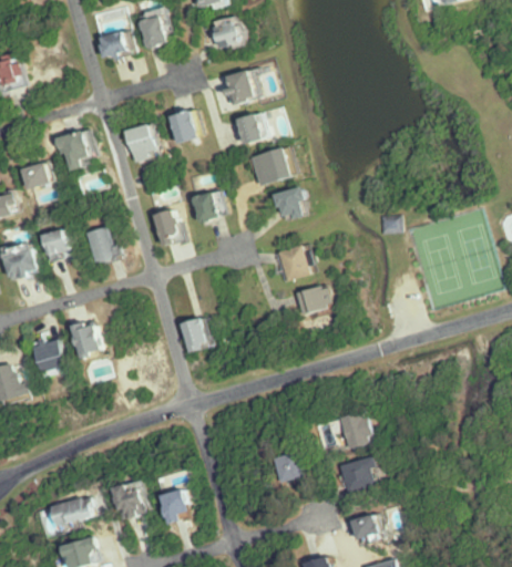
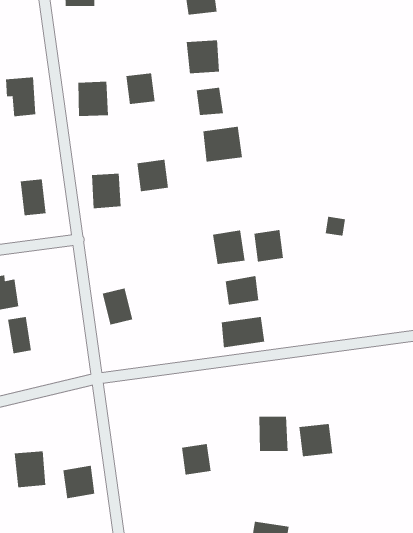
building: [275,186,307,220] -> [254,230,284,262]
building: none -> [221,316,265,348]
building: none -> [8,316,32,354]
building: [342,458,379,494] -> [298,424,333,457]

